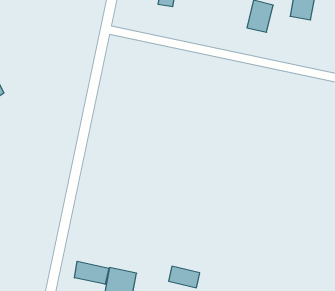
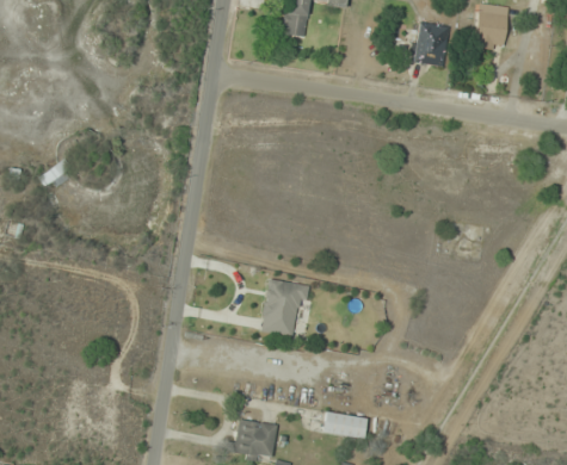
building: none -> [260,279,304,337]
building: [75,261,109,284] -> none

